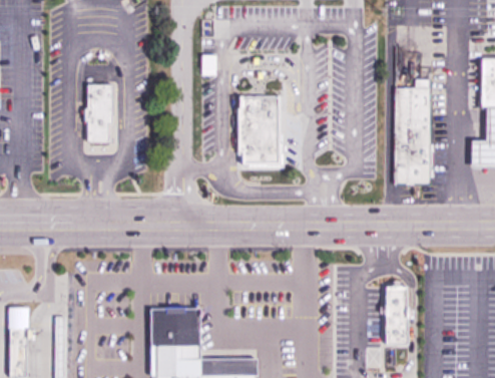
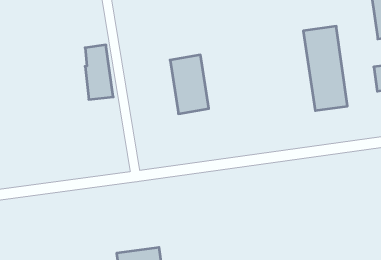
building: [85,84,113,144] -> [85,45,113,99]
building: [384,287,406,344] -> none

